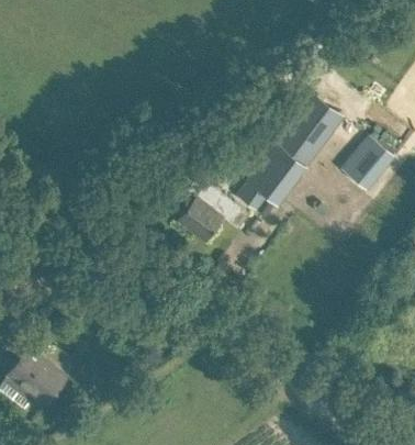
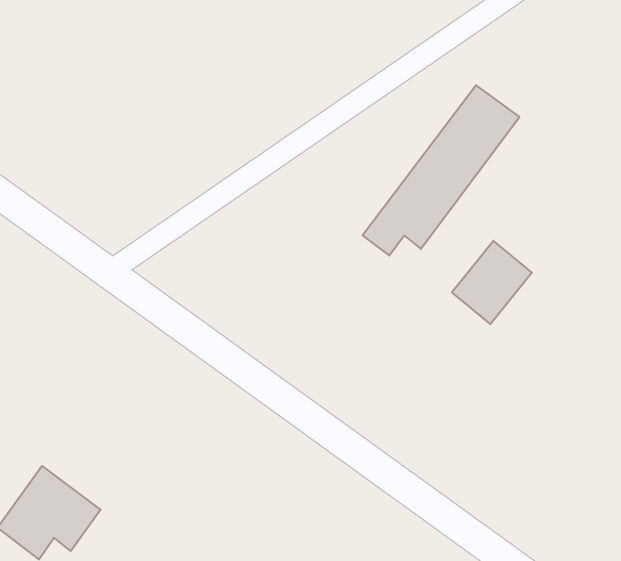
building: [343,136,395,191] -> [452,241,532,324]
building: [178,193,236,241] -> none

